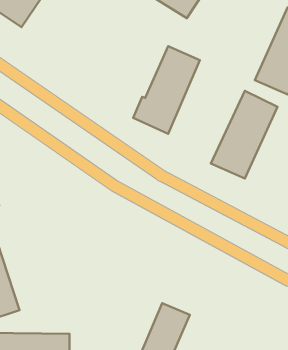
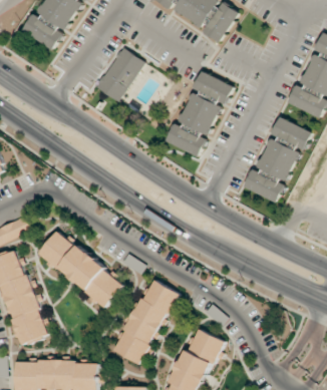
building: none -> [94,46,144,102]
building: none -> [37,229,125,308]
building: none -> [111,278,180,367]

